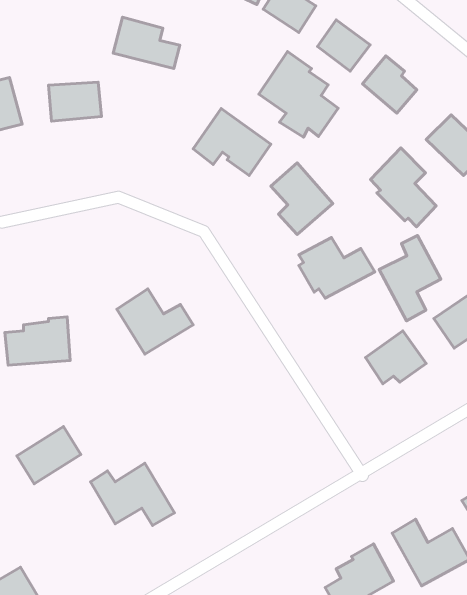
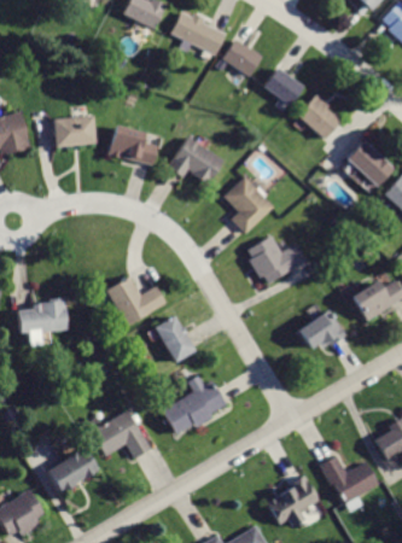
building: [113,17,180,69] -> [107,124,159,164]
building: [259,51,338,137] -> none
building: [371,148,436,227] -> none
building: [379,236,441,321] -> none
building: none -> [152,314,194,361]
building: none -> [162,373,228,432]
building: [17,426,81,484] -> [48,448,98,492]

